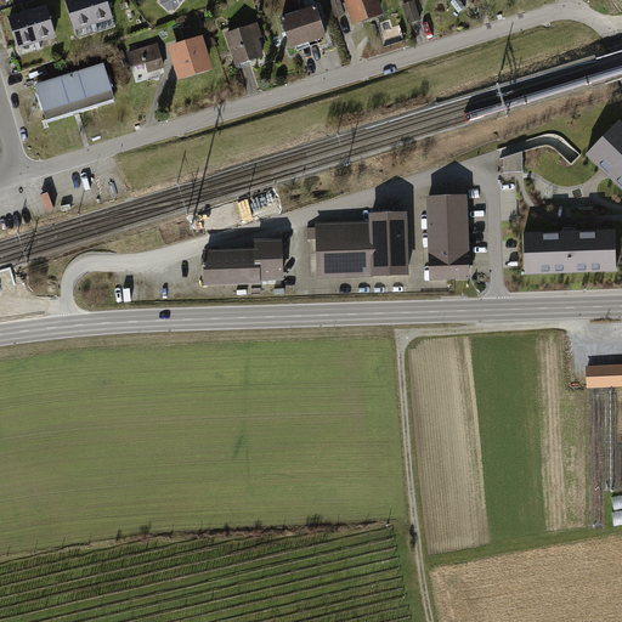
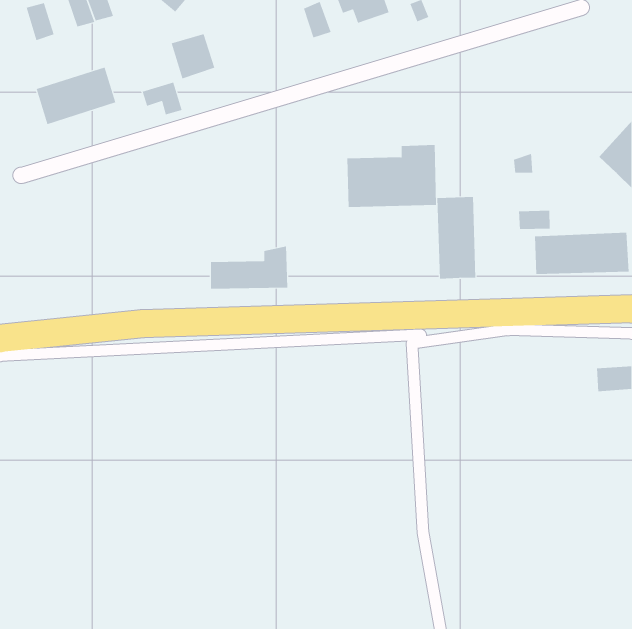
building: [7,7,35,45] -> none
building: [279,9,307,45] -> none
building: [224,21,262,63] -> none
building: [125,45,165,78] -> [142,82,183,115]
building: none -> [518,210,550,230]
building: [318,210,407,272] -> [346,145,437,208]

